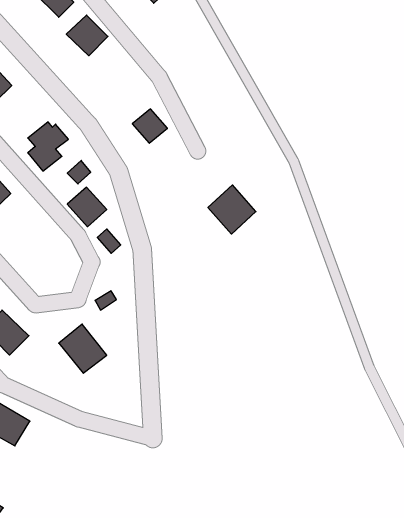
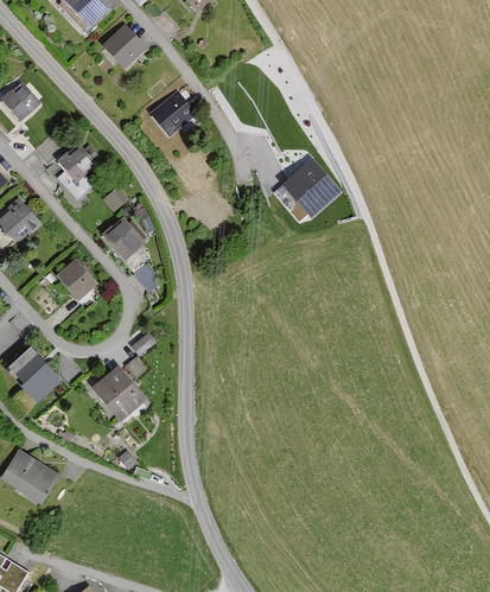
building: [132,109,167,143] -> [155,91,195,129]
building: [208,185,256,234] -> [284,163,337,217]
building: none -> [56,259,97,300]

